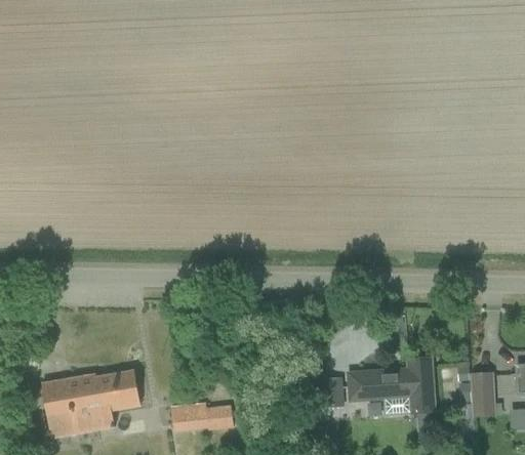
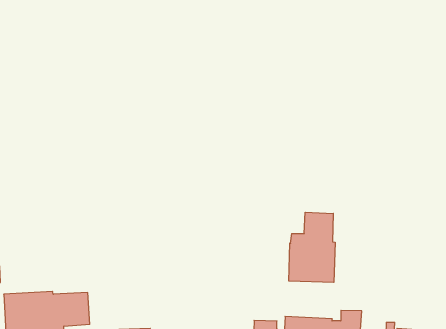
building: none -> [289,212,335,282]

